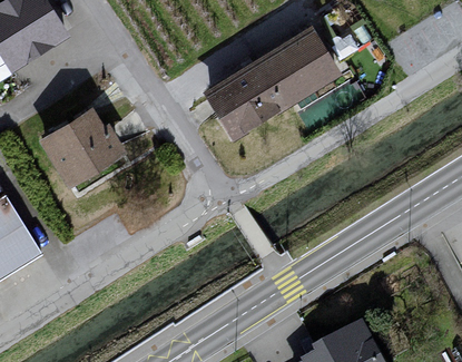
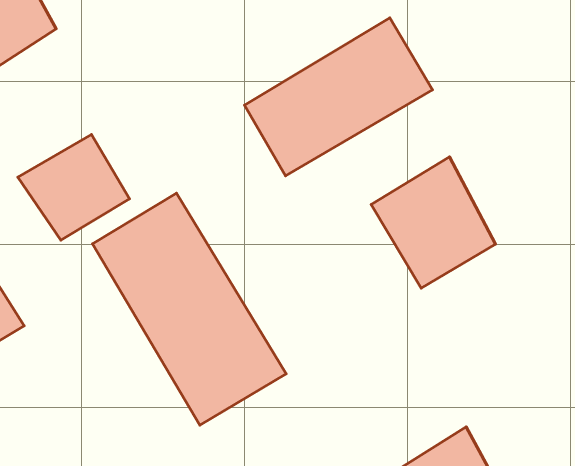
building: none -> [371,157,496,288]
building: none -> [93,193,286,425]

